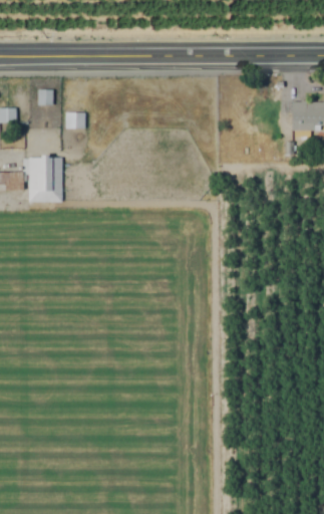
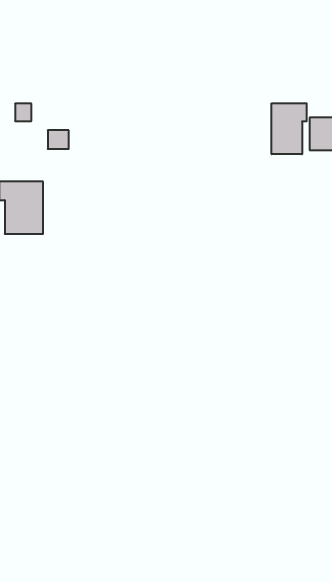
building: none -> [272,103,307,154]

